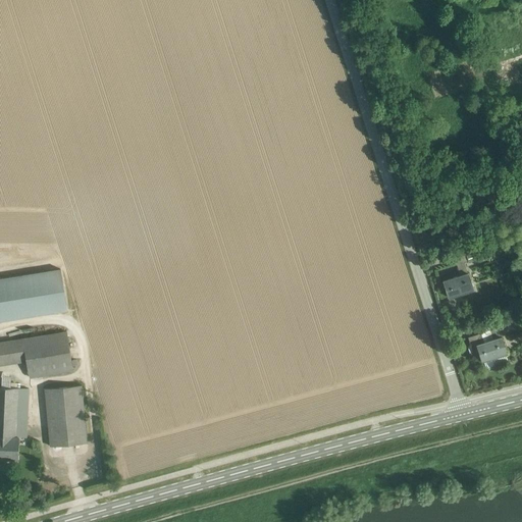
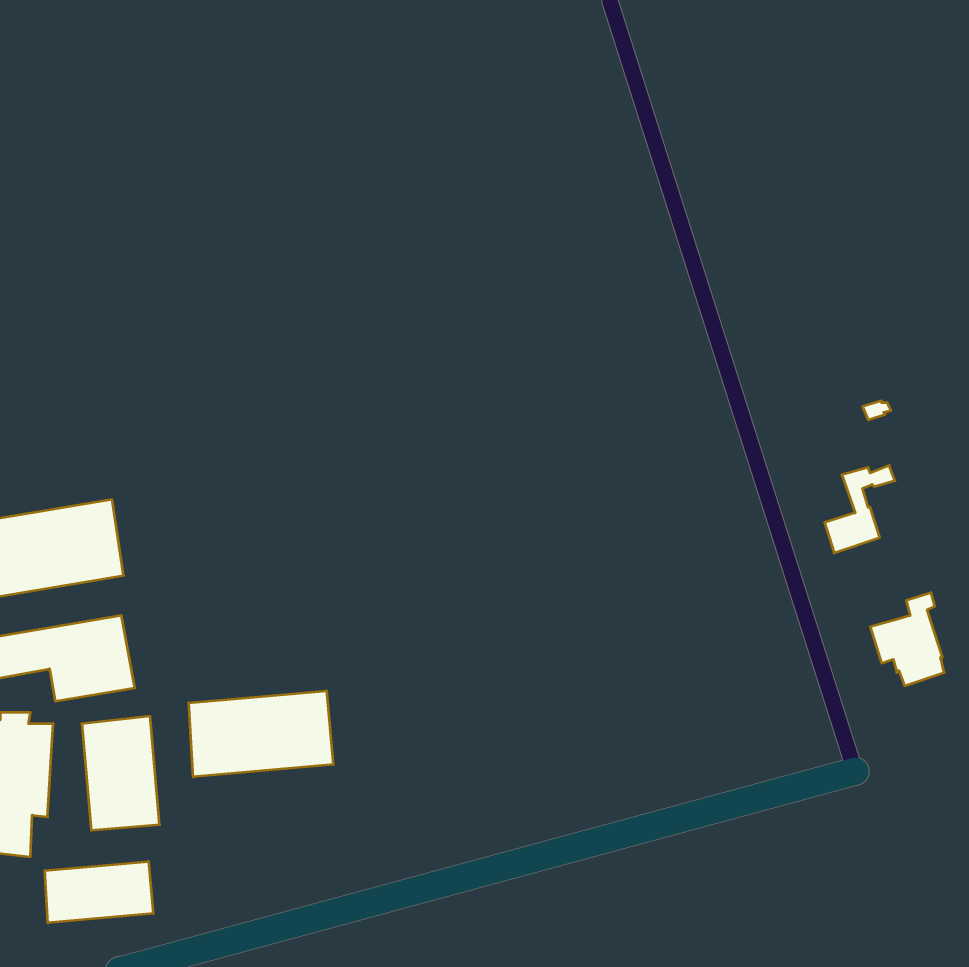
building: none -> [189,691,333,777]
building: none -> [45,861,153,923]

